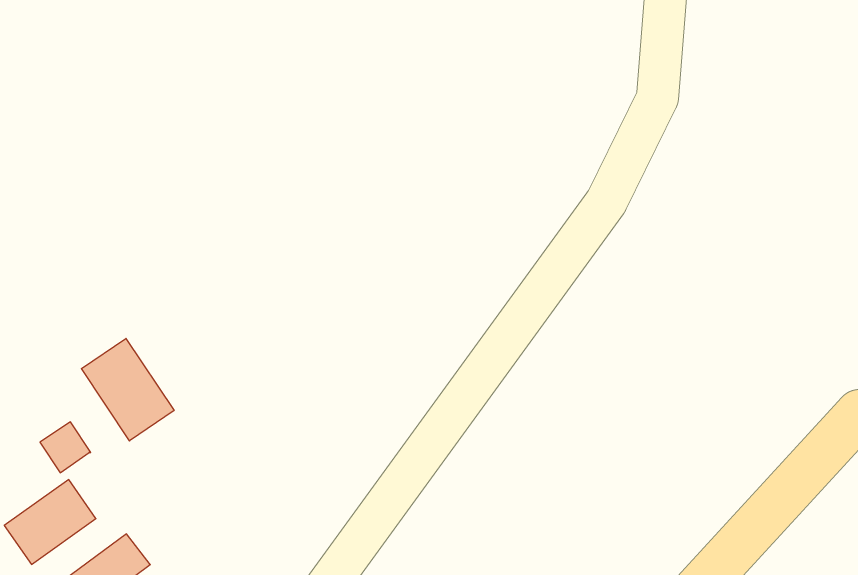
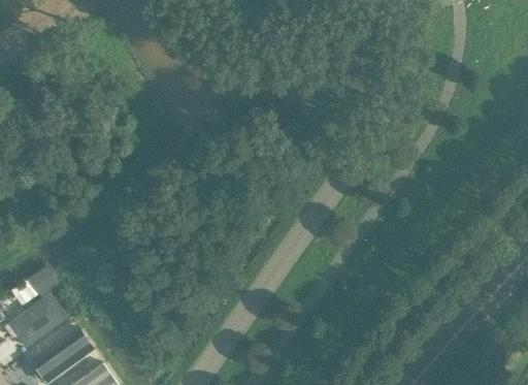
building: [81,338,174,441] -> none

